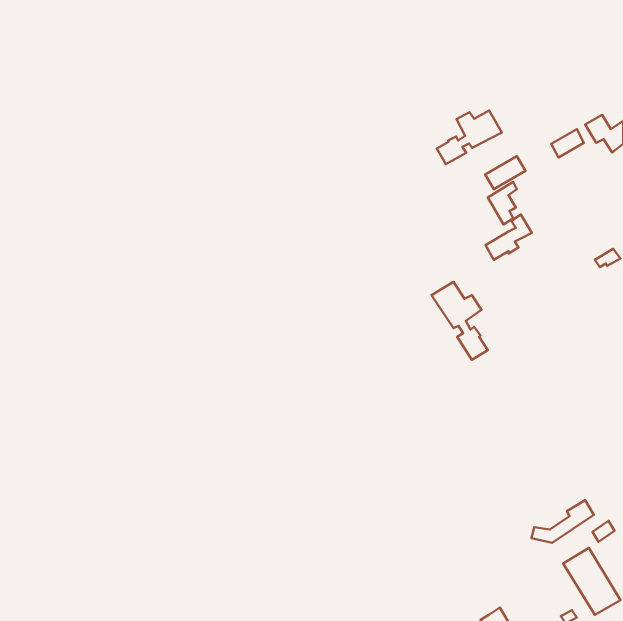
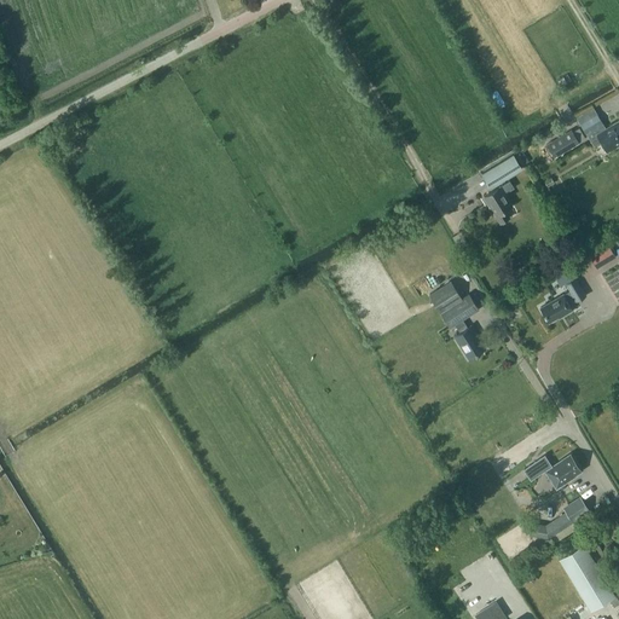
building: [437,111,502,164] -> none
building: [485,215,532,260] -> [539,278,585,323]
building: none -> [523,455,578,485]

